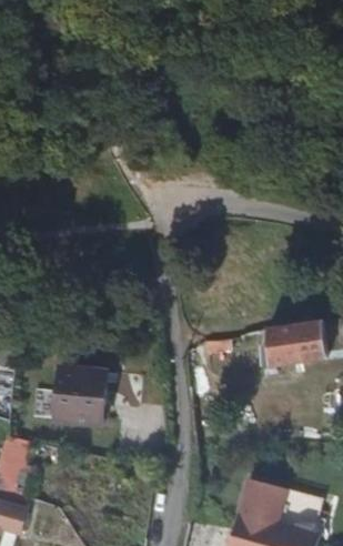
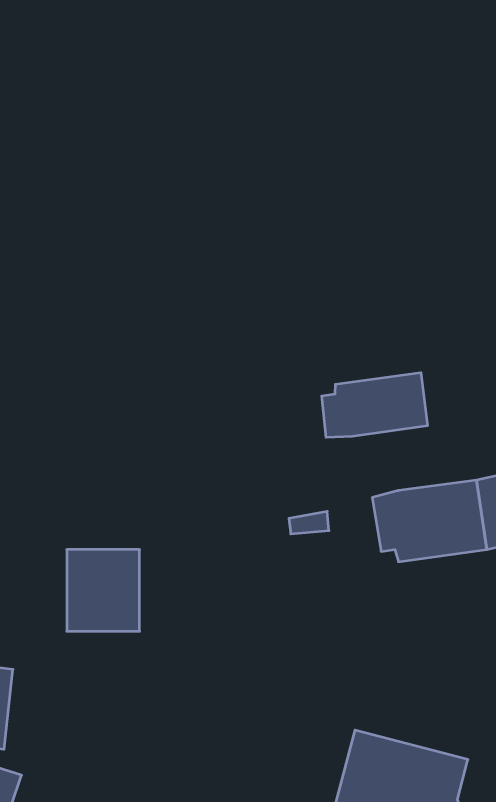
building: none -> [322,373,427,437]

